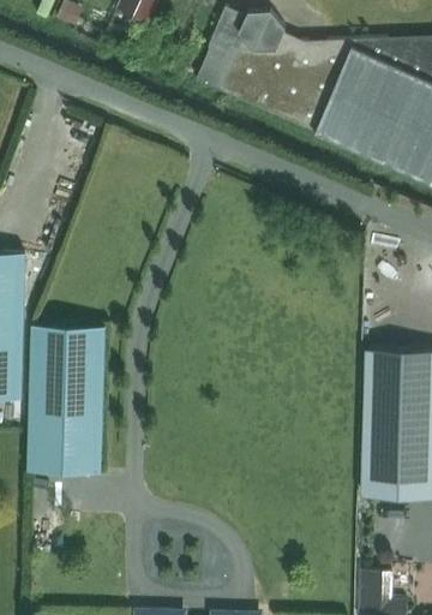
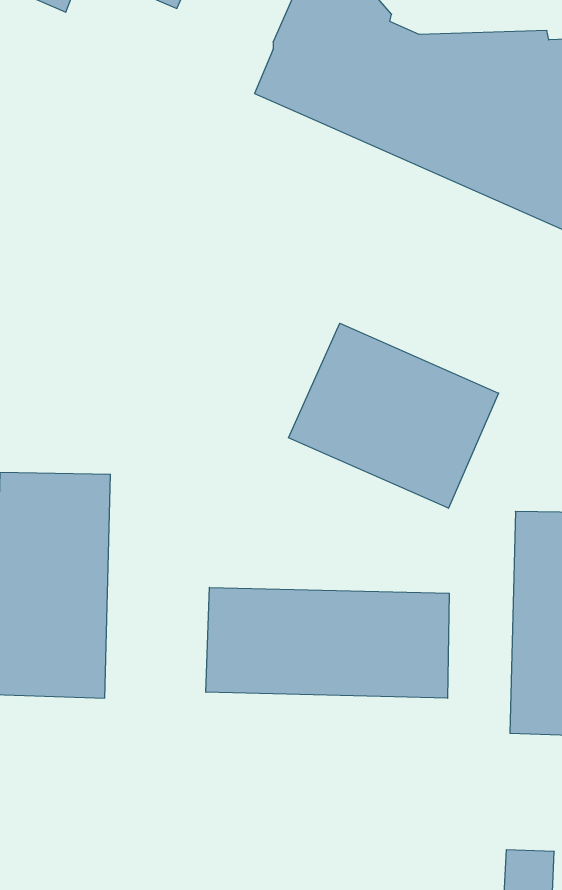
building: none -> [289,323,499,508]
building: none -> [206,587,449,698]

